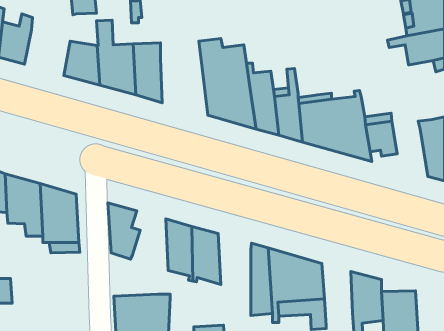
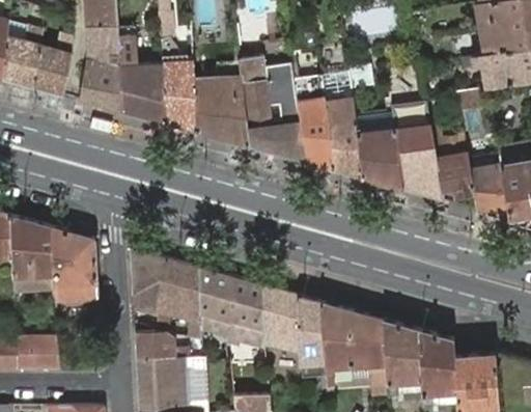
building: none -> [93,26,119,64]
building: none -> [32,35,73,94]
building: none -> [193,78,249,146]
building: none -> [469,163,509,219]
building: none -> [159,259,203,339]
building: none -> [261,286,301,355]
building: none -> [385,322,420,395]
building: none -> [136,334,190,360]
building: none -> [16,339,61,368]

